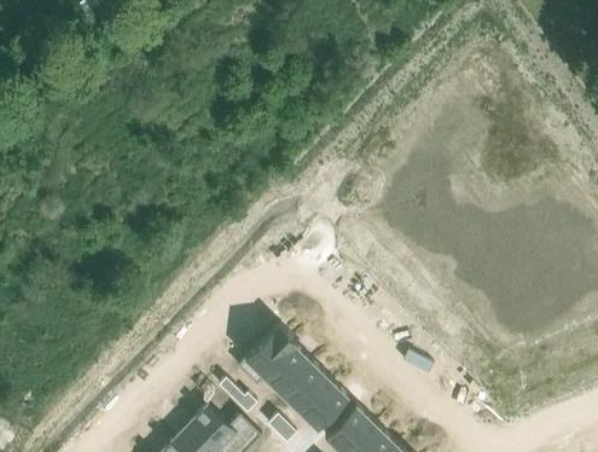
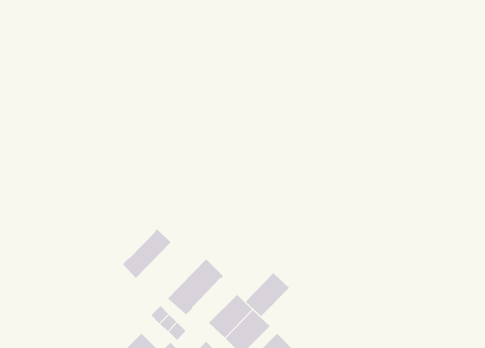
building: none -> [122,228,171,279]
building: [263,347,312,395] -> [245,272,290,317]

